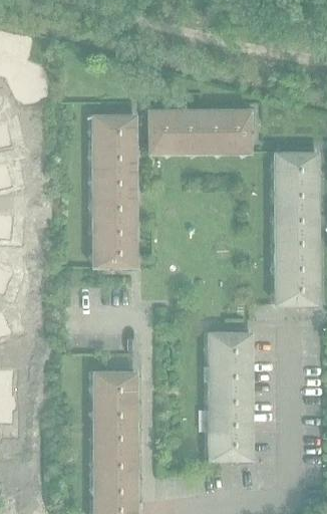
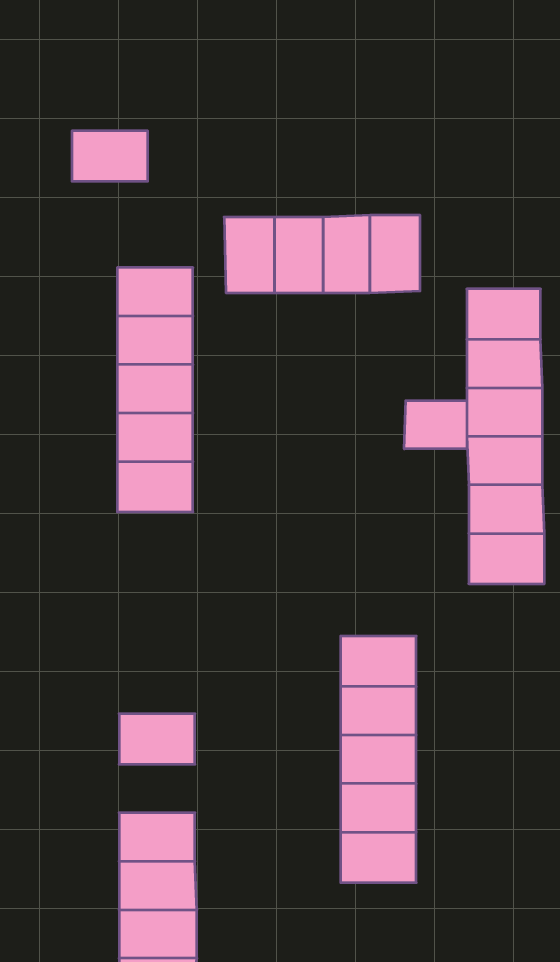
building: [93,114,132,141] -> [72,131,148,181]
building: none -> [404,401,467,449]
building: [94,398,133,423] -> none

